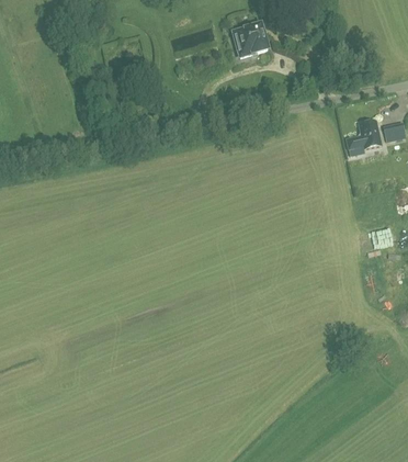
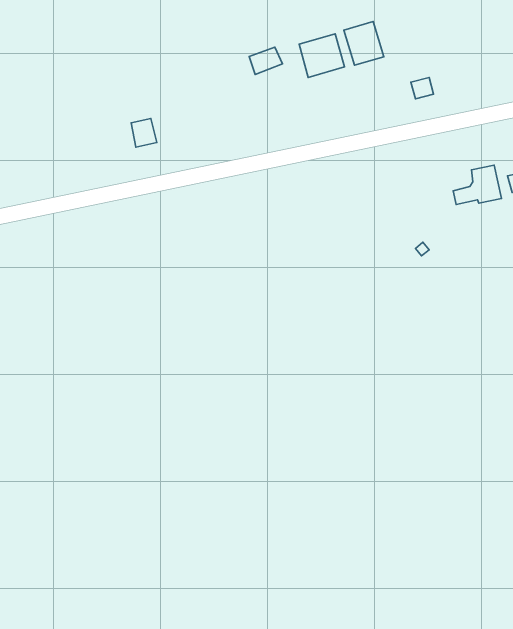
building: none -> [344,22,384,65]

